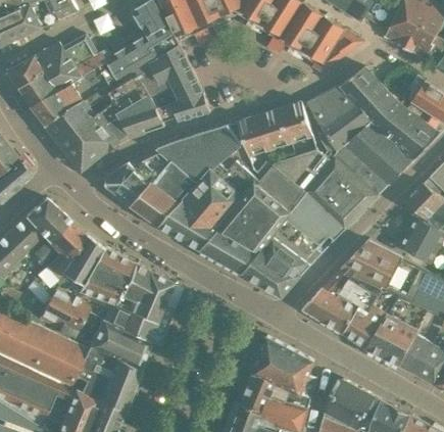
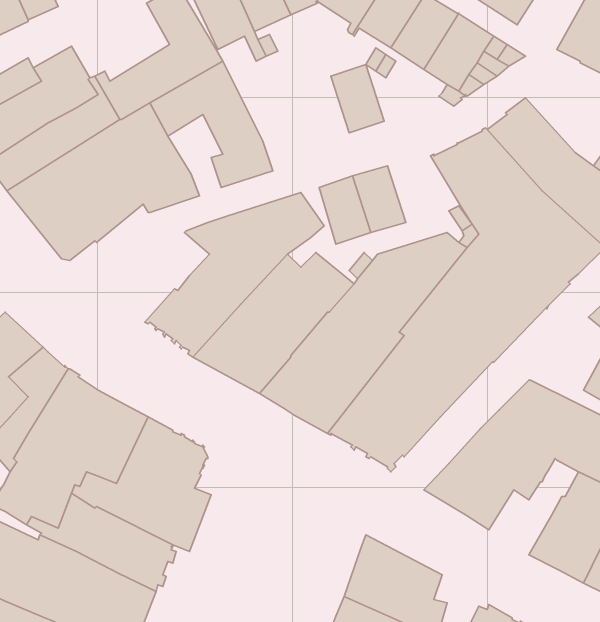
building: [279,102,311,144] -> [331,65,384,133]
building: [105,150,169,205] -> none
building: [341,289,396,348] -> none

